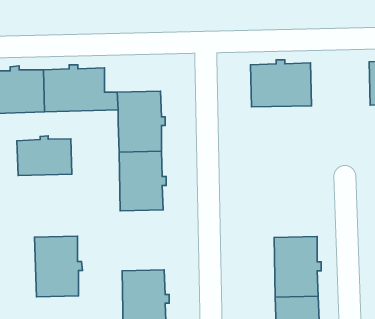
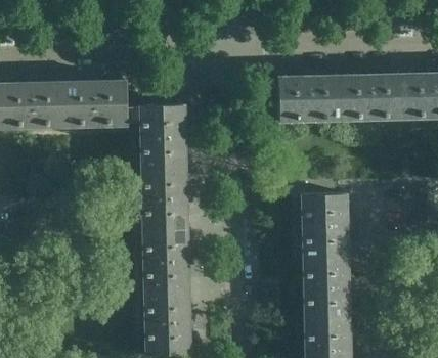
building: none -> [341,72,403,121]
building: [17,136,72,176] -> none
building: none -> [301,194,351,258]
building: [34,236,83,297] -> [142,229,192,293]

